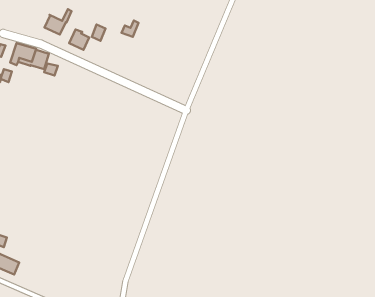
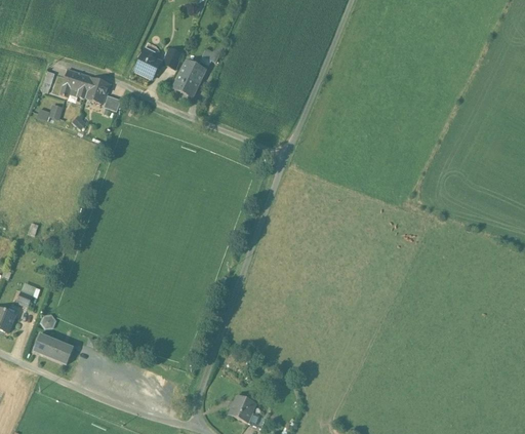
building: [44,9,72,35] -> none
building: none -> [173,58,205,95]

